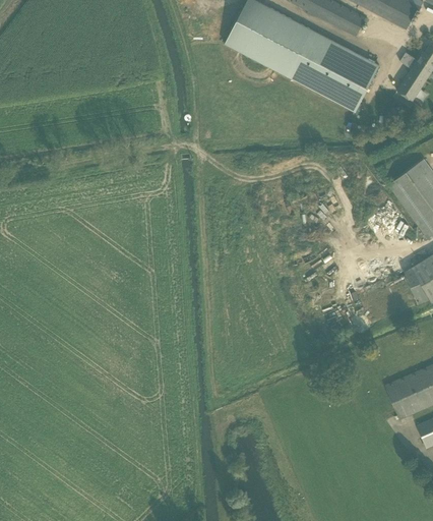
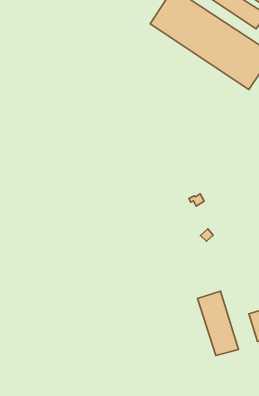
building: none -> [198,291,239,356]

